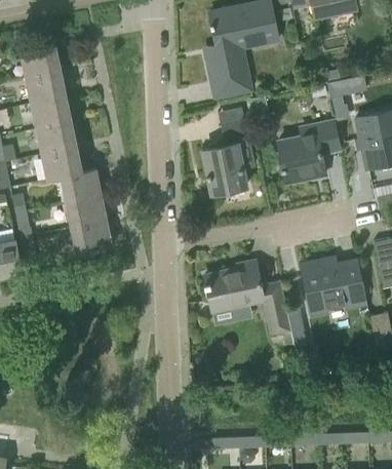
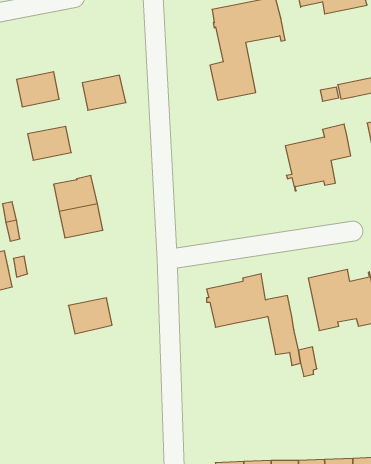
building: [21,45,61,78] -> none
building: [31,96,72,129] -> [82,75,126,110]
building: [203,121,253,194] -> none
building: [41,147,82,180] -> none
building: [71,220,112,253] -> [68,298,112,334]

